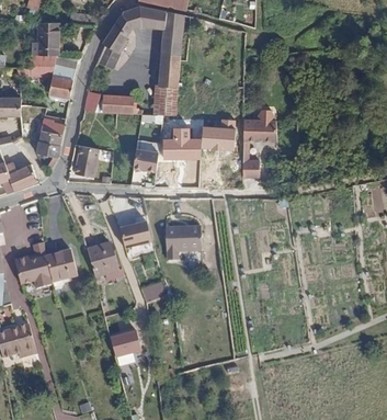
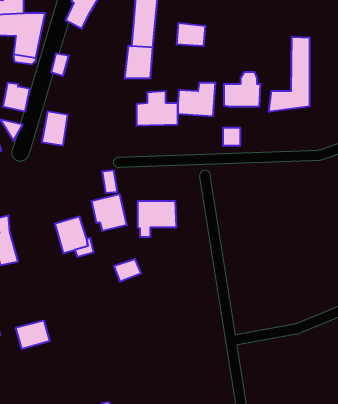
building: none -> [177,23,205,46]
building: none -> [269,37,309,112]
building: [103,94,139,114] -> none
building: [133,148,158,171] -> none
building: [45,250,77,288] -> none
building: [110,330,141,356] -> [16,321,50,349]

